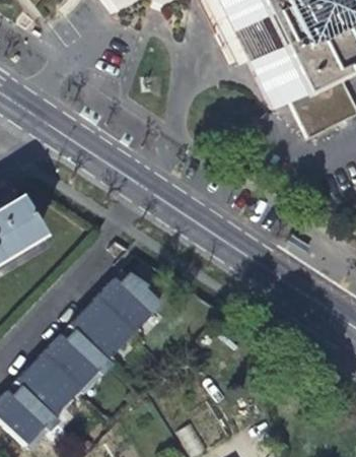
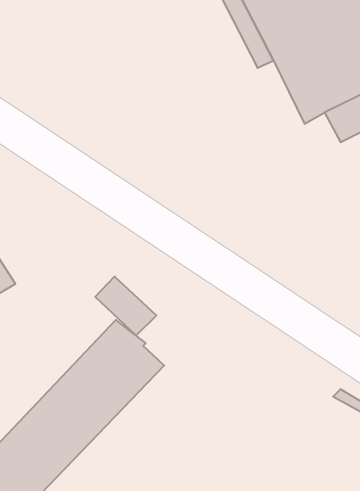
building: none -> [95,276,156,336]

